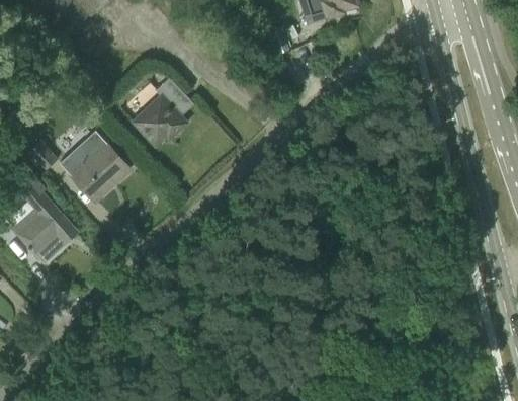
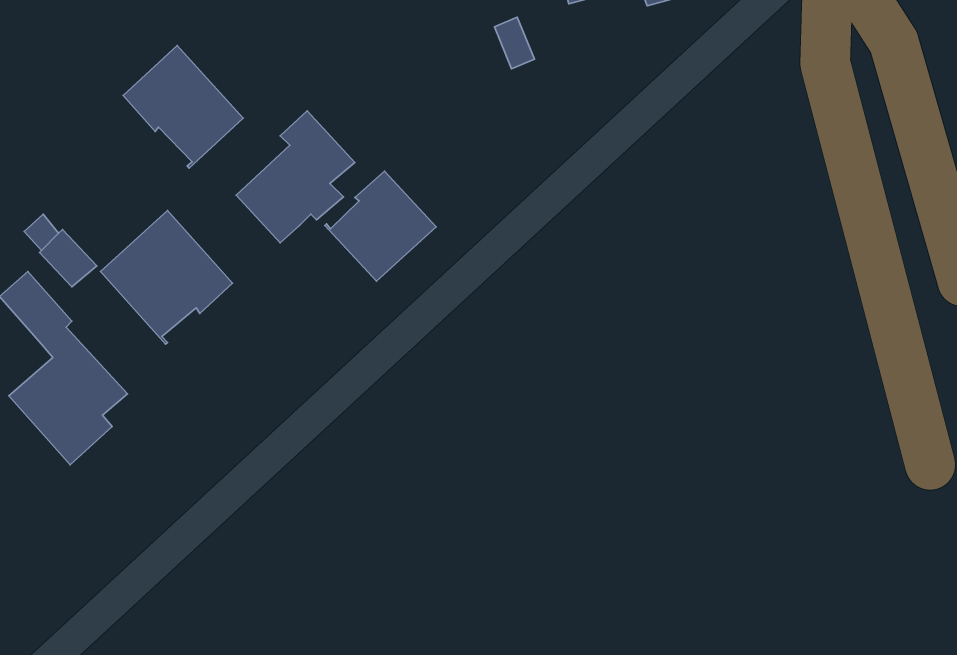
building: none -> [123,46,243,168]
building: none -> [325,171,436,281]

